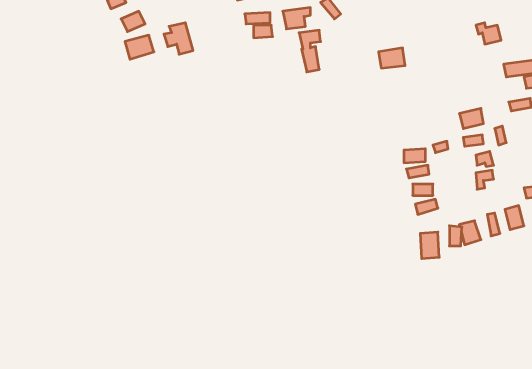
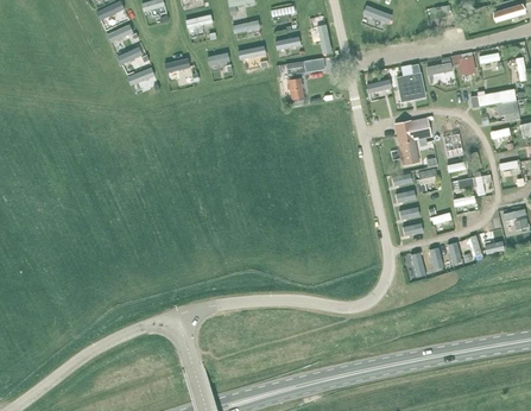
building: none -> [402,65,430,103]
building: none -> [402,118,438,166]

